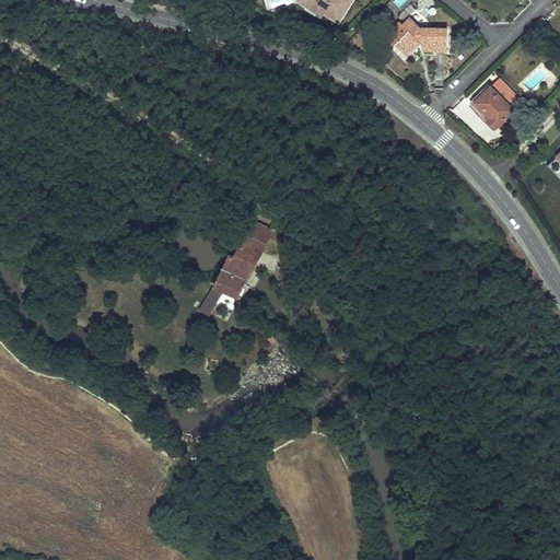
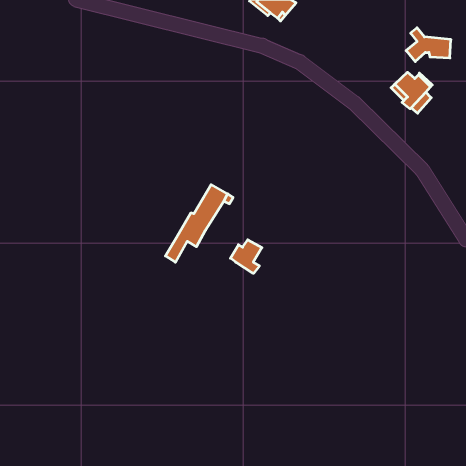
building: [393,14,446,55] -> [406,28,451,62]
building: none -> [230,240,262,273]

